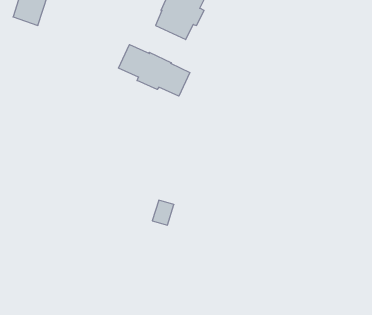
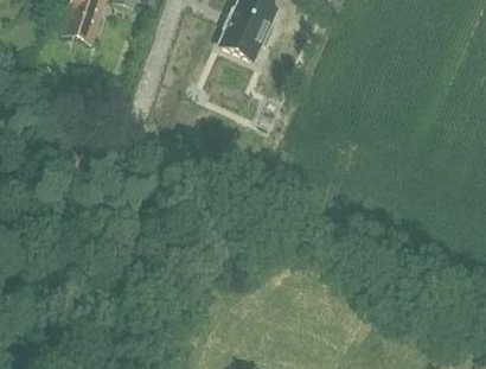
building: [118,45,190,96] -> none

